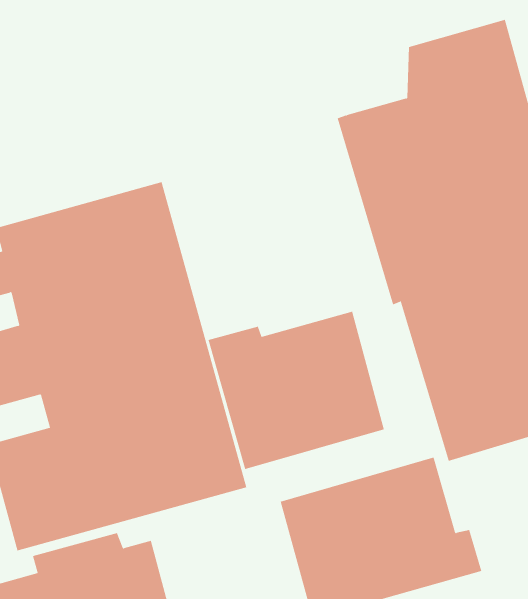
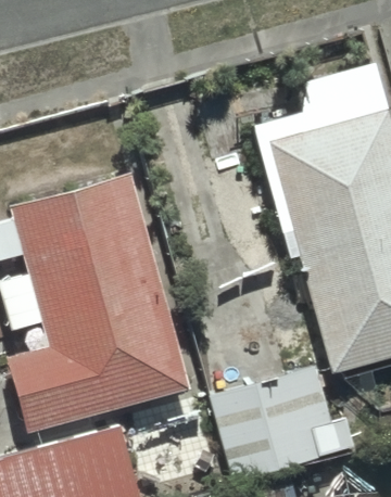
building: [208,311,385,470] -> none

